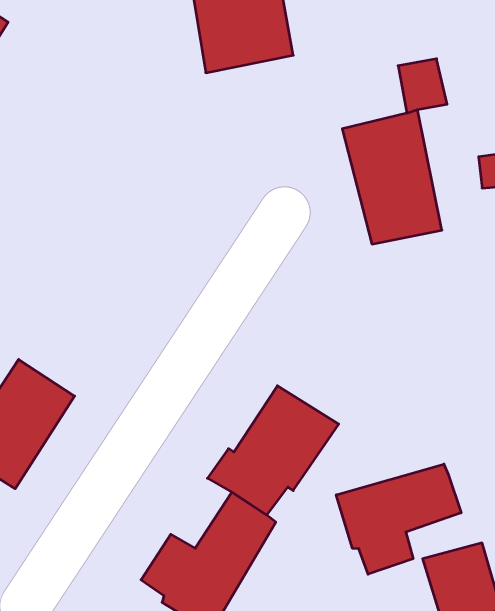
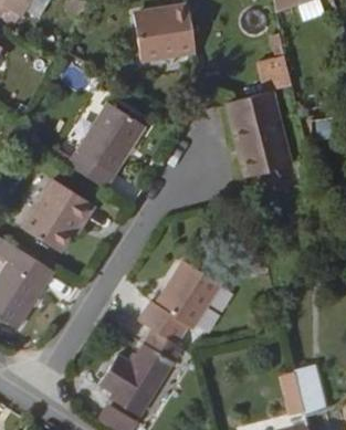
building: none -> [70,104,147,190]
building: none -> [25,181,96,255]
building: [336,464,461,574] -> none

